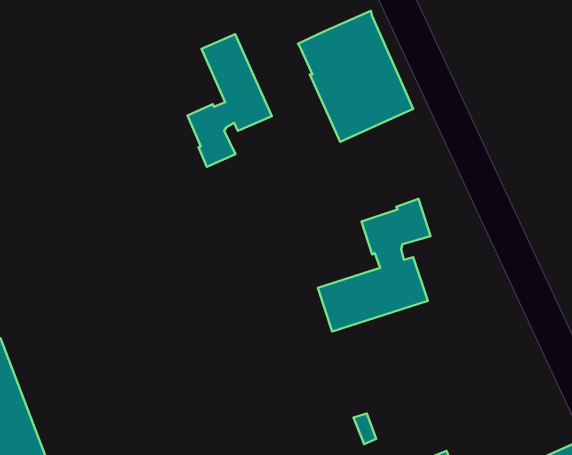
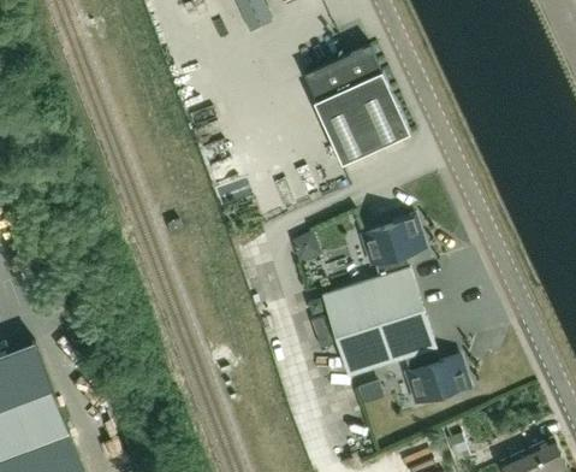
building: [188,34,272,167] -> none
building: none -> [334,308,468,403]

